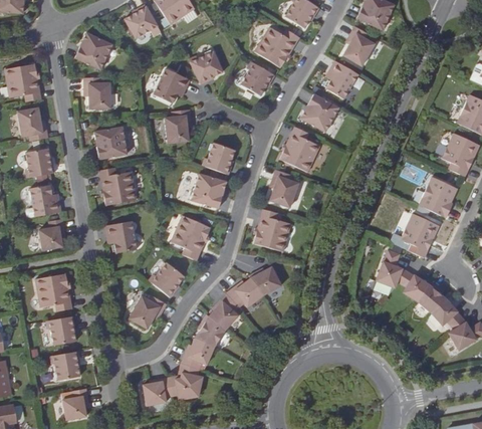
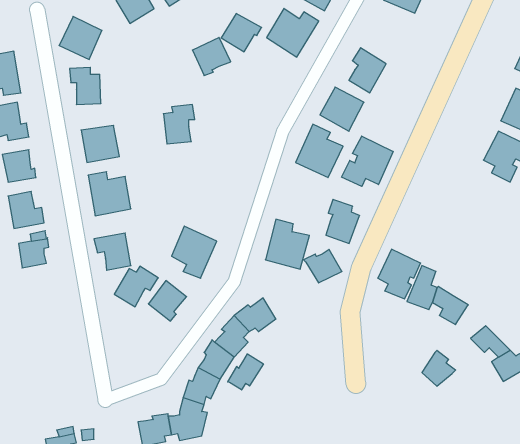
building: [342,25,375,66] -> none
building: [240,62,275,95] -> [221,14,262,52]
building: [153,67,190,102] -> none
building: none -> [342,136,393,186]
building: [205,142,235,174] -> none
building: [269,169,298,207] -> [326,199,360,243]
building: [192,173,226,208] -> none
building: [419,176,458,216] -> none
building: [402,212,439,255] -> [378,249,421,299]
building: [249,265,282,294] -> [304,249,342,283]
building: [35,273,72,310] -> none
building: [418,280,447,311] -> [422,350,456,386]
building: [129,293,167,329] -> [114,266,158,307]
building: [48,315,76,345] -> none
building: none -> [228,354,263,390]
building: [53,351,80,380] -> none

